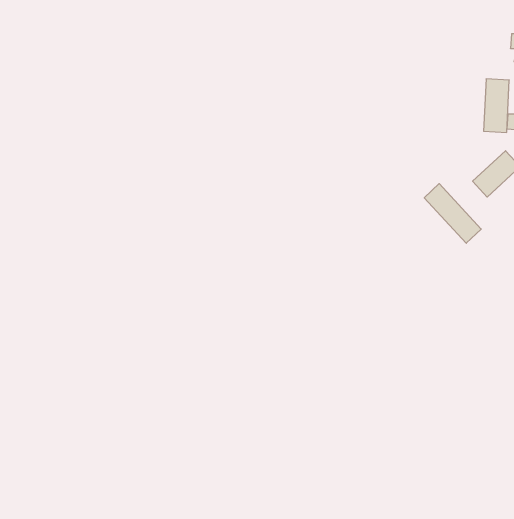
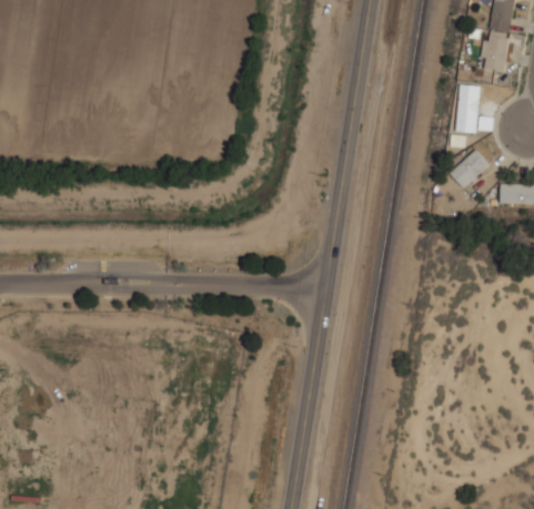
building: [424,184,481,243] -> none

